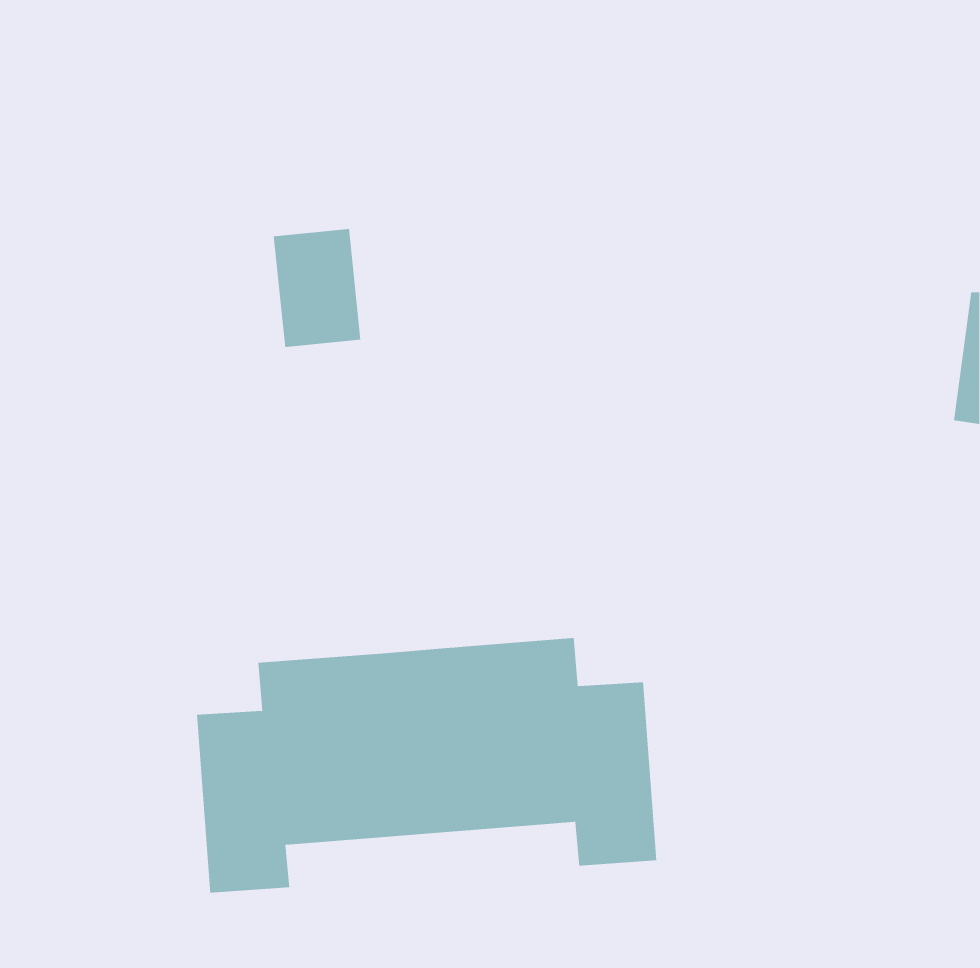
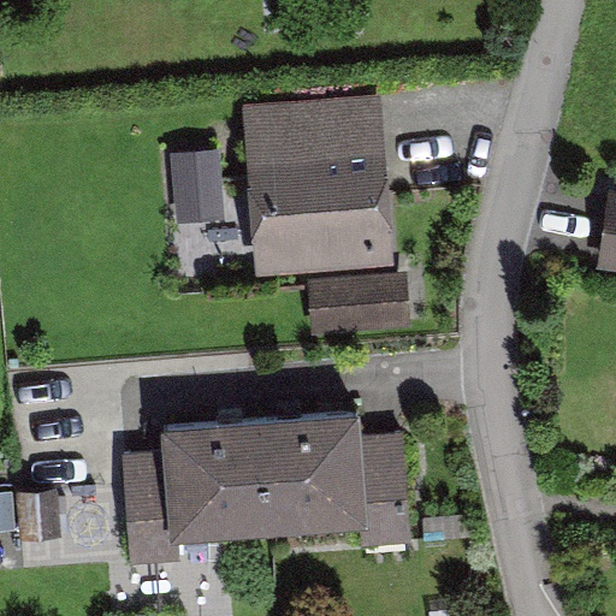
building: none -> [256,113,383,260]
building: none -> [308,276,411,338]

